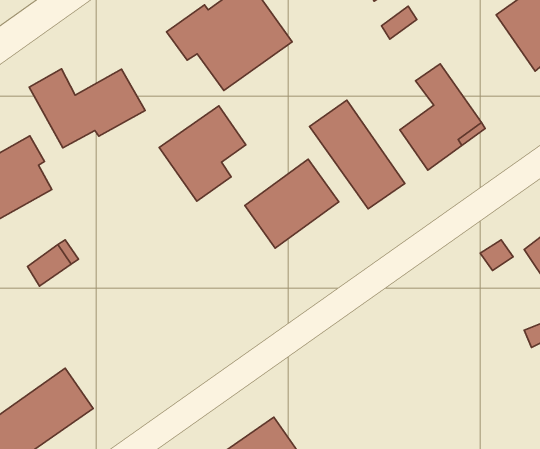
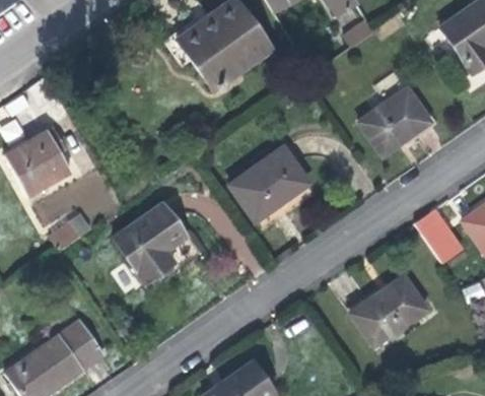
building: [29,69,145,148] -> none
building: [310,100,405,209] -> none
building: [159,106,246,201] -> [113,203,185,282]
building: none -> [352,275,426,345]

